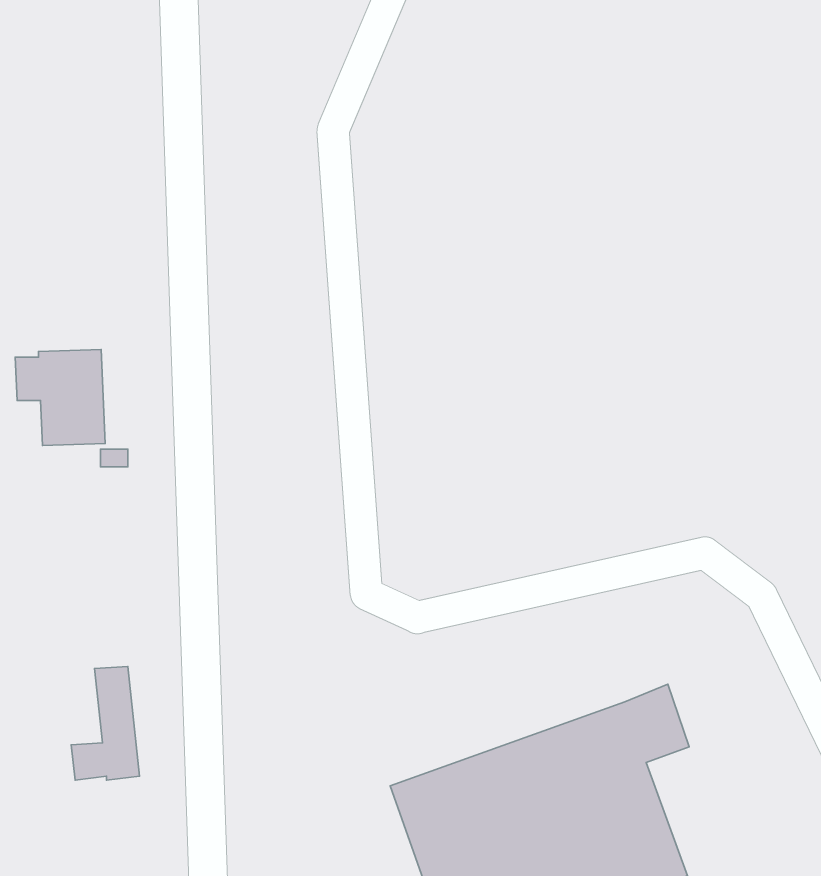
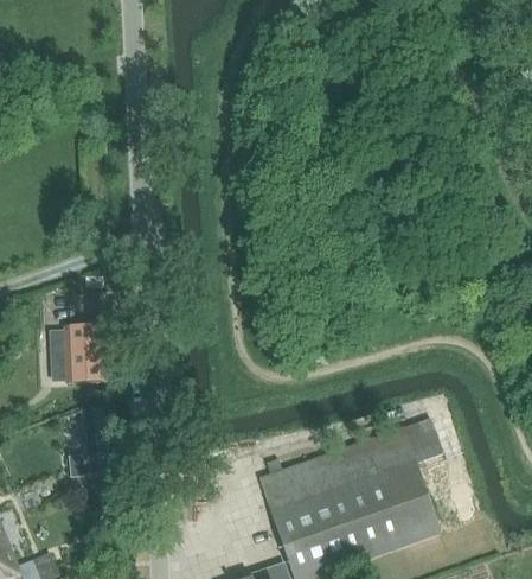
building: [15,349,105,445] -> [50,324,104,382]

